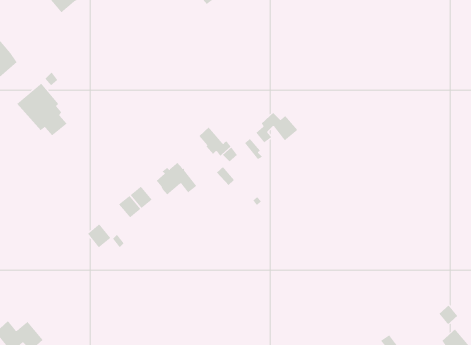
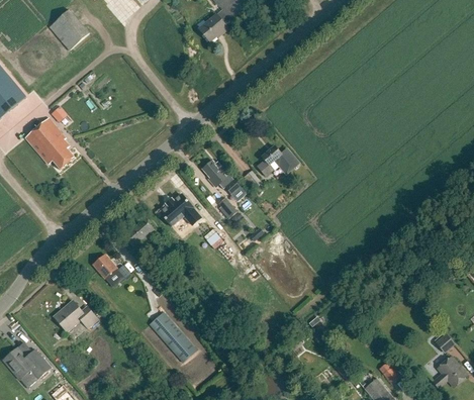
building: none -> [55,300,97,330]
building: none -> [149,311,196,362]

